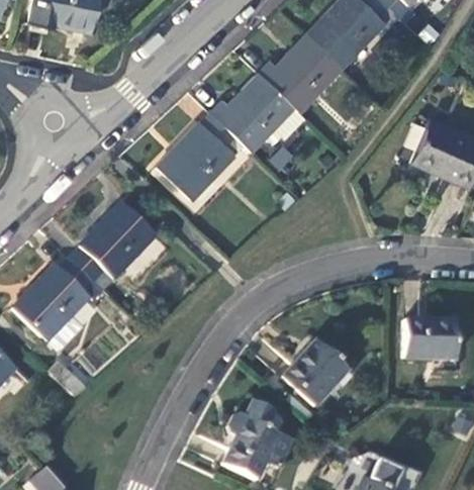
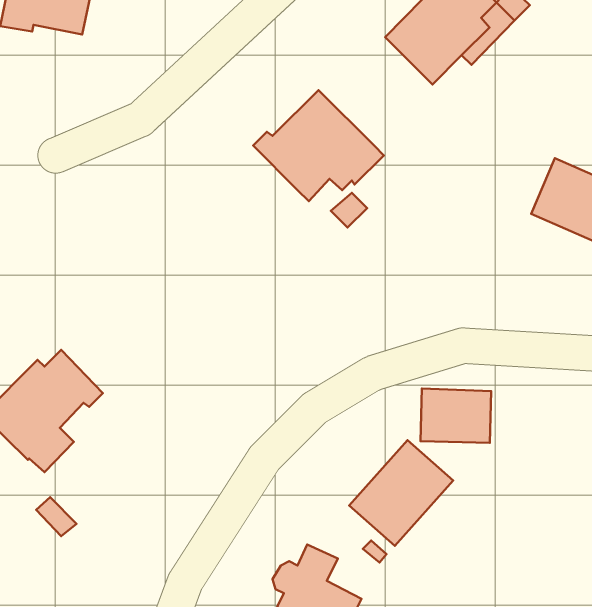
building: [261,32,344,111] -> none
building: [159,111,246,197] -> none
building: [74,203,158,291] -> none
building: [401,319,453,359] -> [420,388,491,443]

